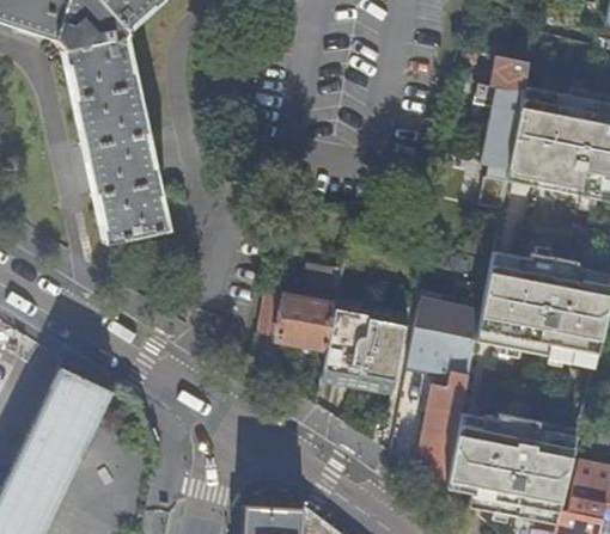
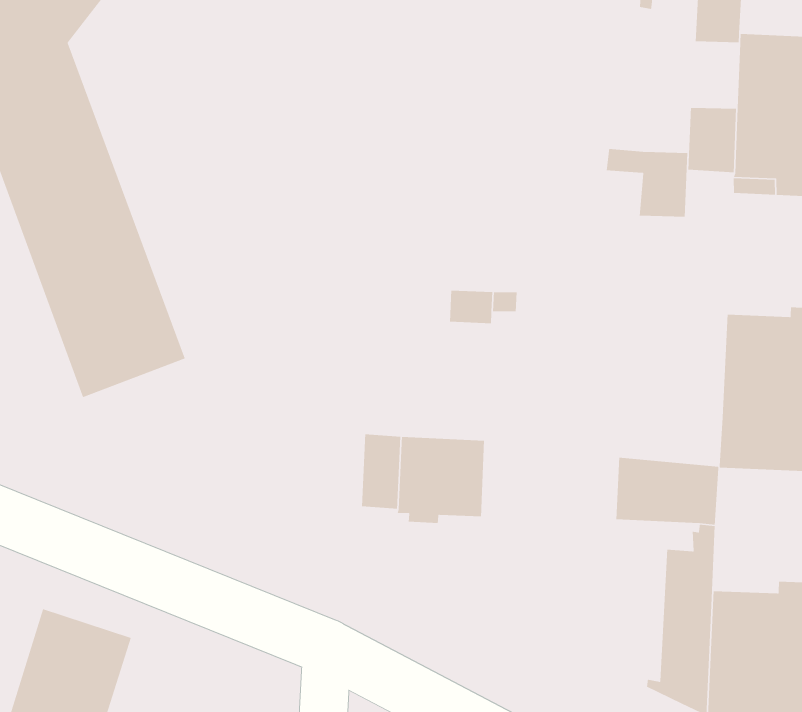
building: [475,82,525,130] -> [606,148,688,218]
building: [417,300,482,340] -> none
building: [327,303,409,388] -> none

